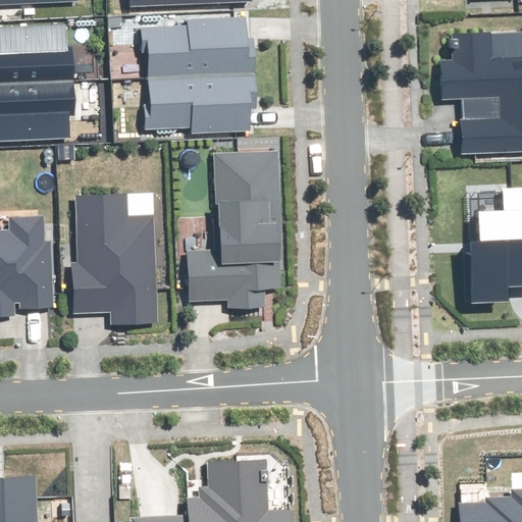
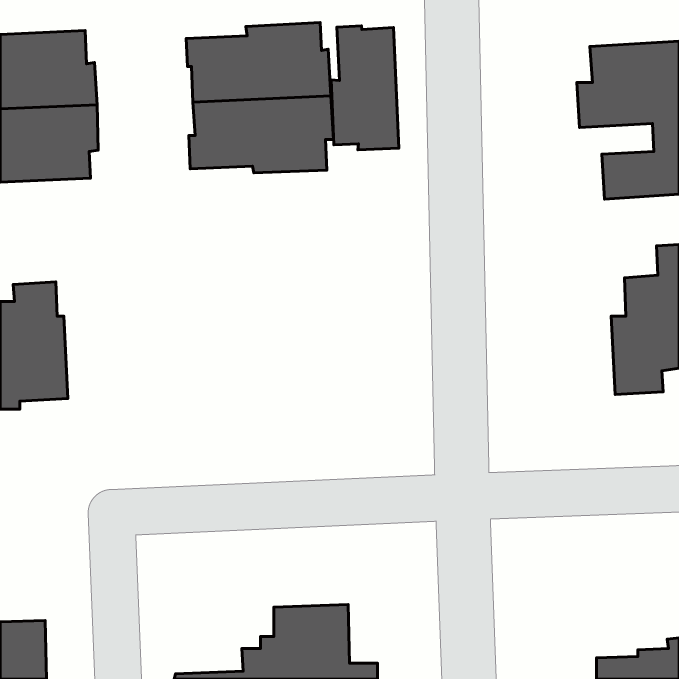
building: none -> [331,26,399,150]
building: [191,153,282,309] -> none
building: [74,195,157,324] -> none

